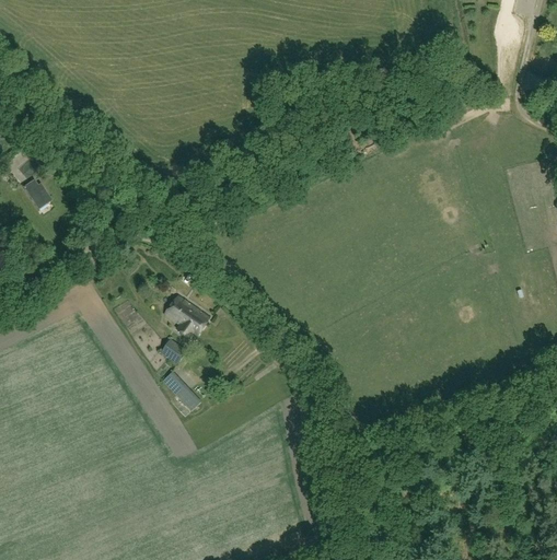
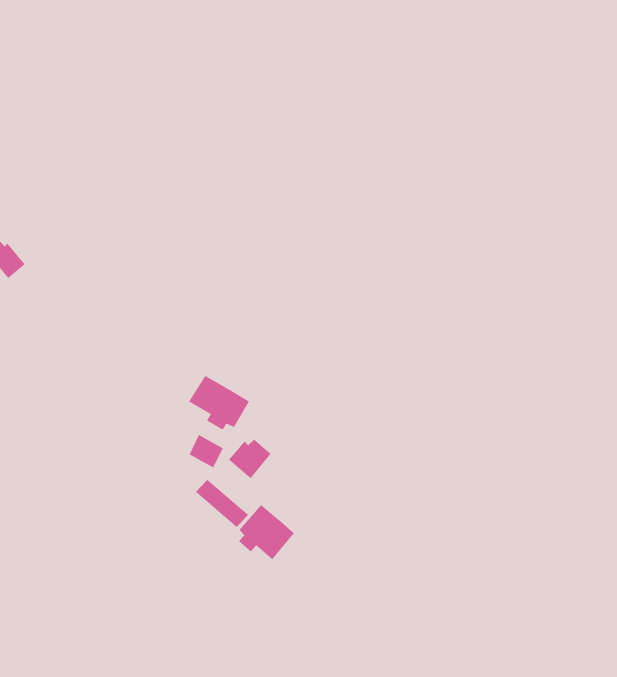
building: none -> [228,439,271,479]
building: none -> [238,504,295,560]

